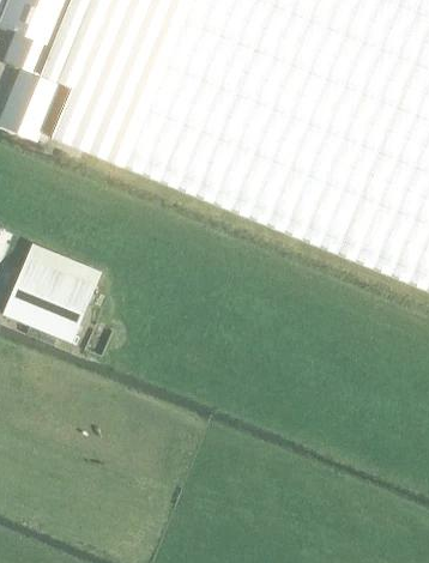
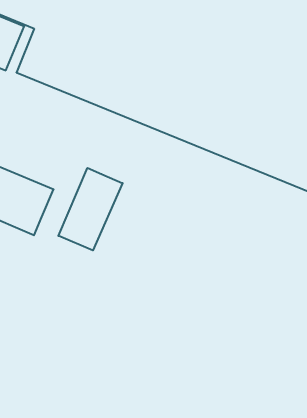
building: none -> [58,168,123,250]

